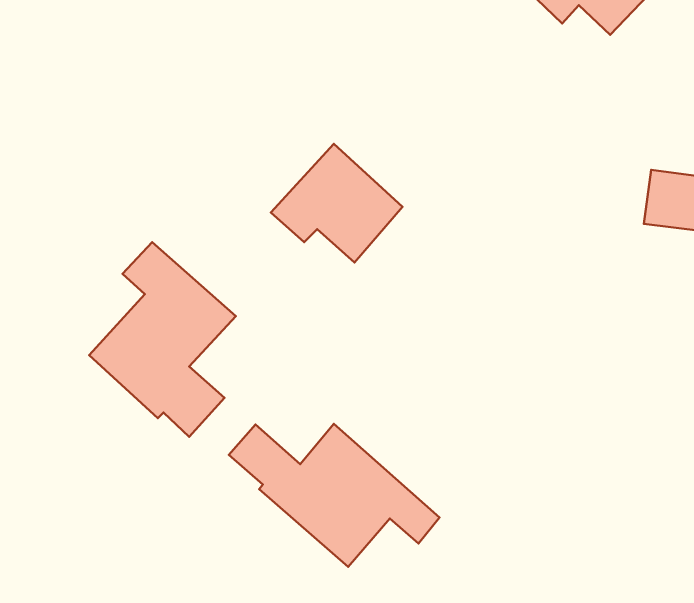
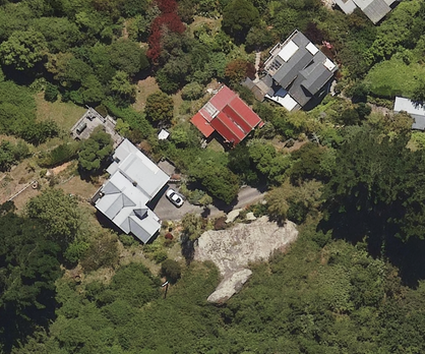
building: none -> [262,28,339,105]
building: [229,424,439,567] -> none

